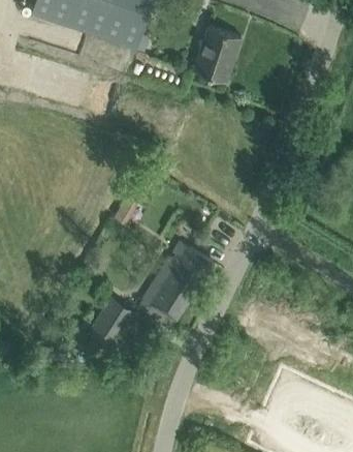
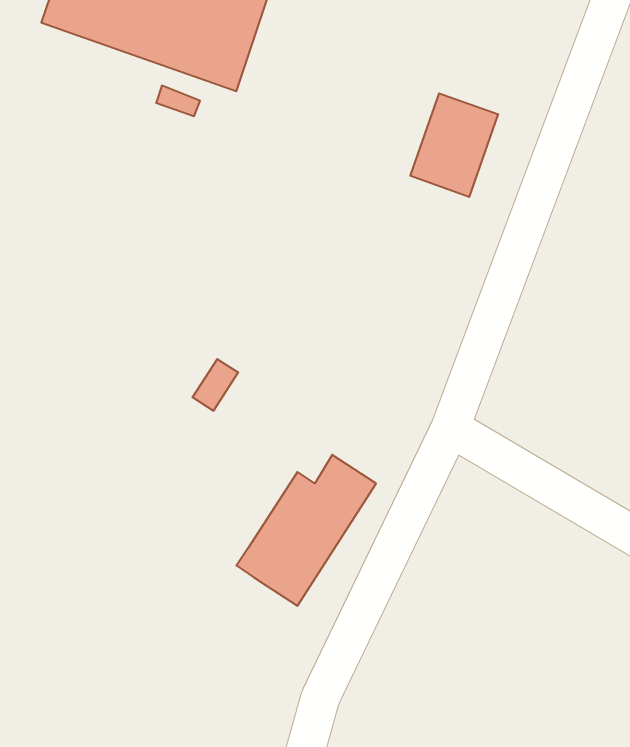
building: [194,27,242,83] -> [410,93,498,197]
building: [88,298,134,349] -> none

